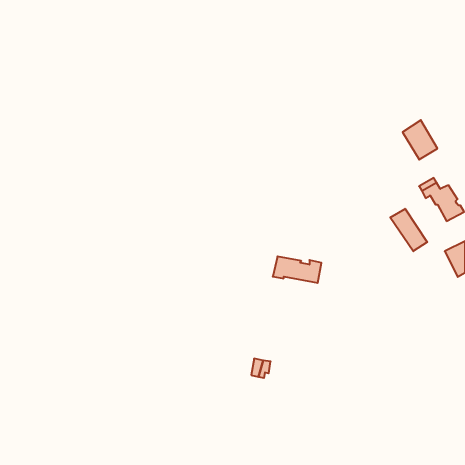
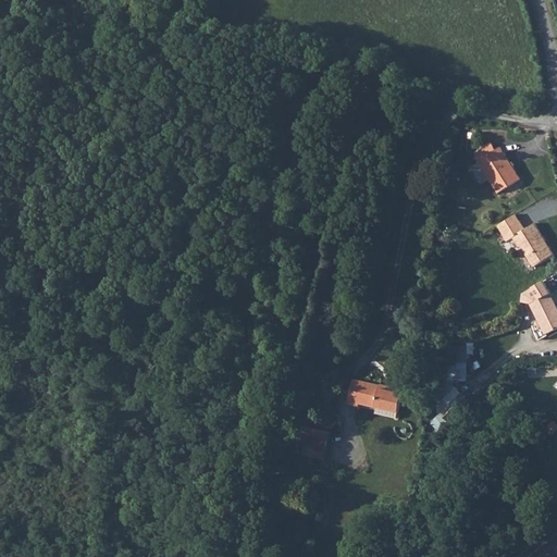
building: [390,209,427,251] -> none
building: [273,256,321,283] -> [343,381,400,412]

